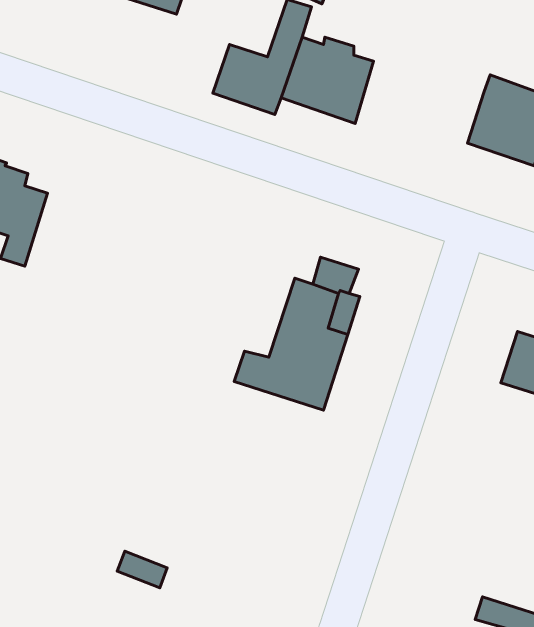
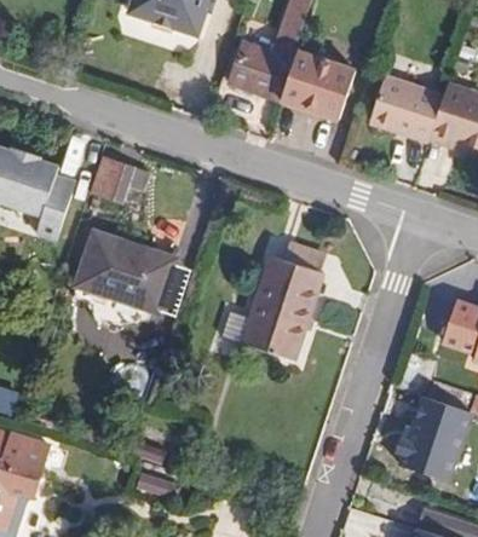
building: none -> [359,83,431,149]
building: none -> [96,155,149,200]
building: none -> [83,229,180,307]
building: none -> [392,402,455,480]

